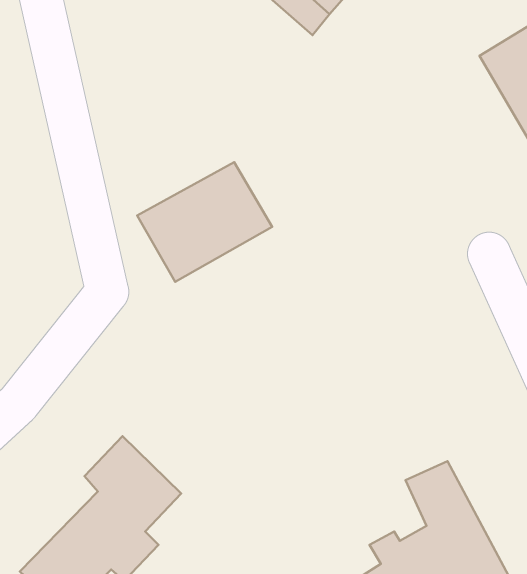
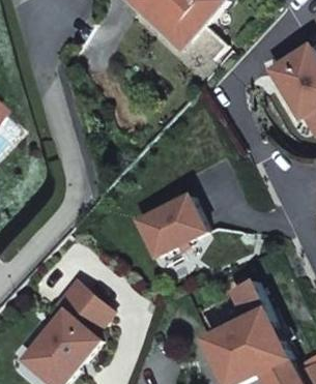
building: [137,162,272,282] -> [136,195,209,260]

